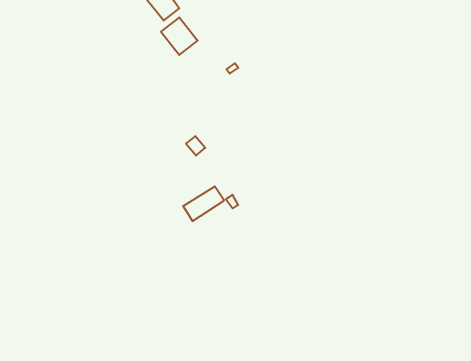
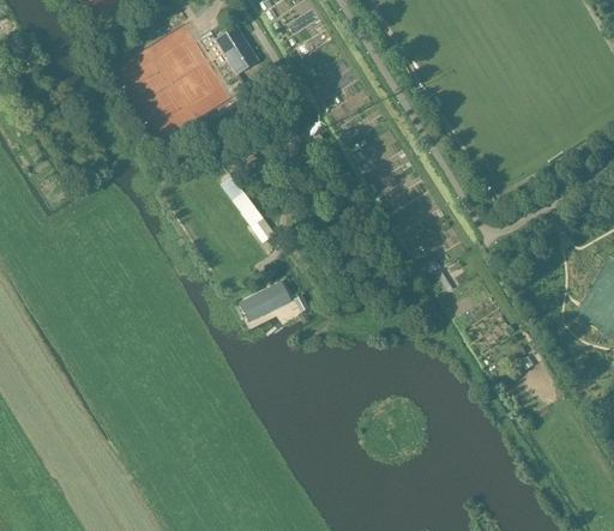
building: [161,17,198,55] -> none

